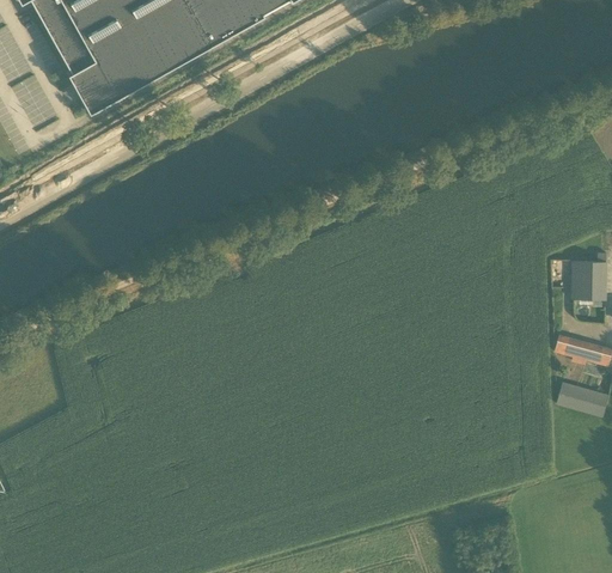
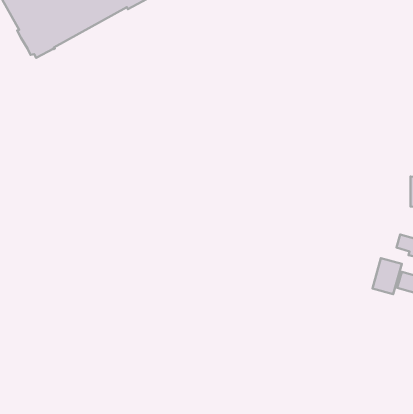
building: none -> [372,258,402,294]

